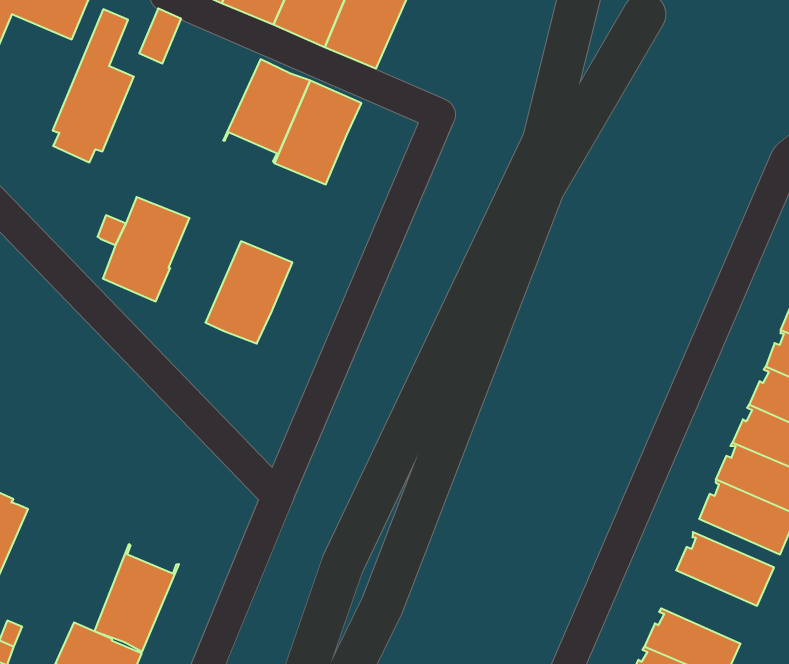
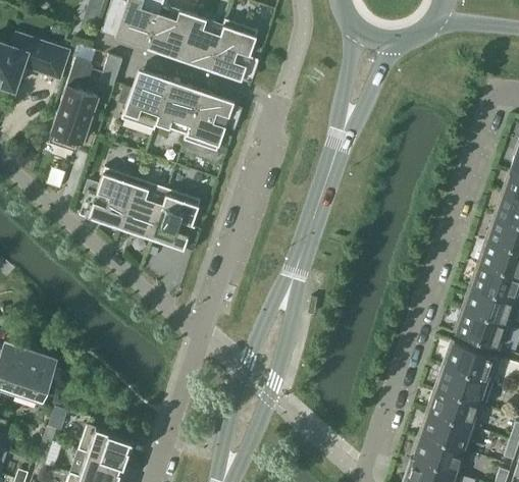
building: none -> [118,70,171,131]
building: none -> [120,179,168,240]
building: [95,544,179,652] -> none
building: none -> [435,366,492,407]

